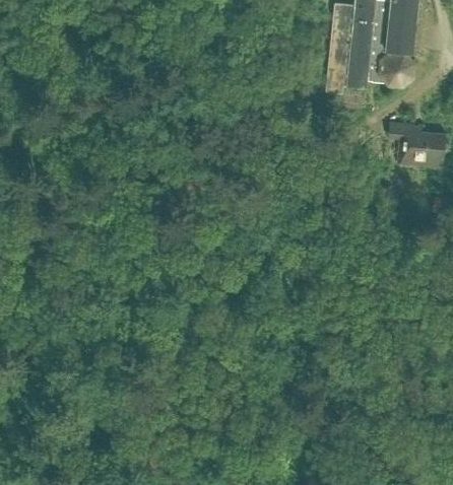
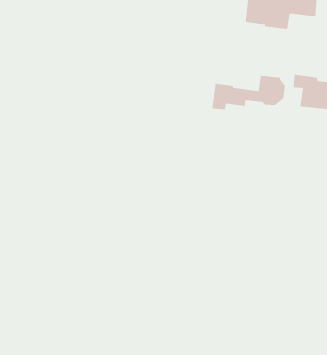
building: [324,49,415,91] -> [212,75,286,110]

